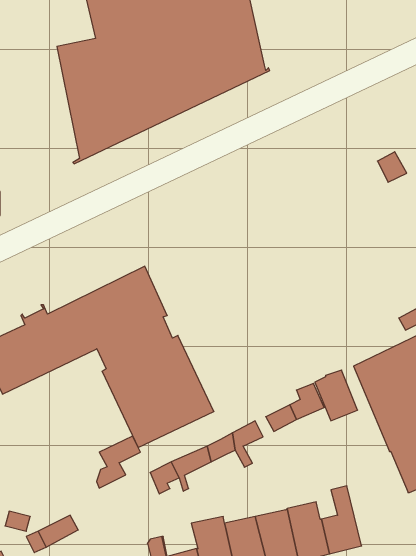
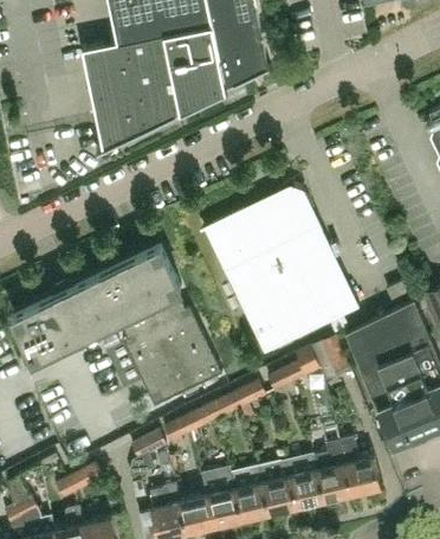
building: none -> [203,186,358,352]
building: [97,436,140,488] -> [129,431,168,477]
building: none -> [341,436,382,493]

